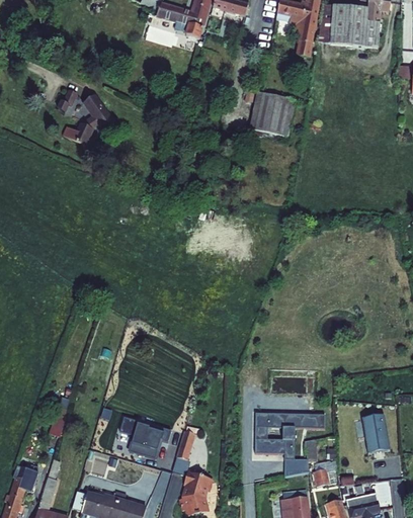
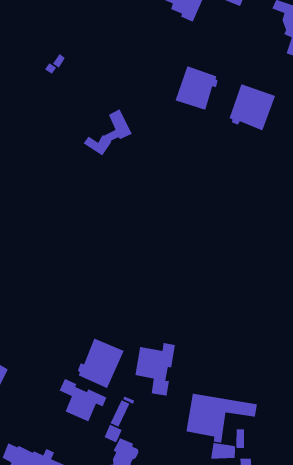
building: none -> [175,65,219,111]
building: [63,94,112,146] -> [82,108,133,157]
building: none -> [134,342,176,397]
building: none -> [77,337,125,389]

